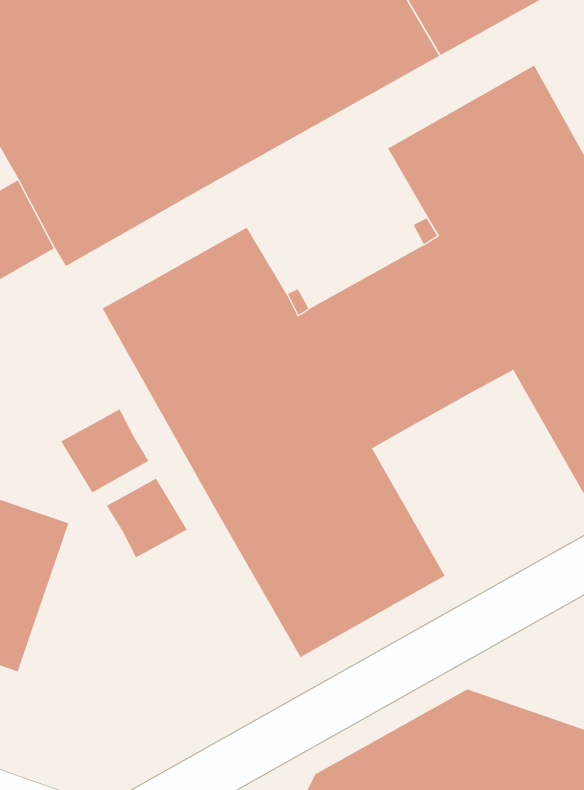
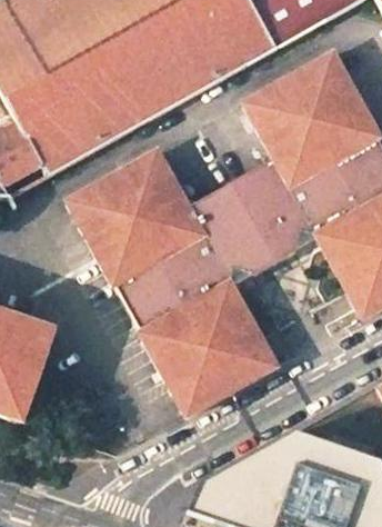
building: [60,409,149,493] -> none
building: [106,478,187,558] -> none

